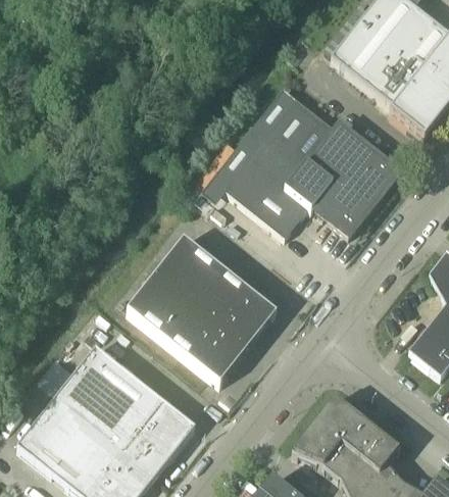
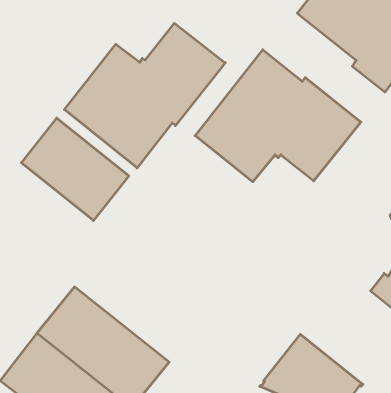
building: none -> [64,23,225,168]
building: none -> [21,118,129,221]
building: [127,237,276,383] -> none

